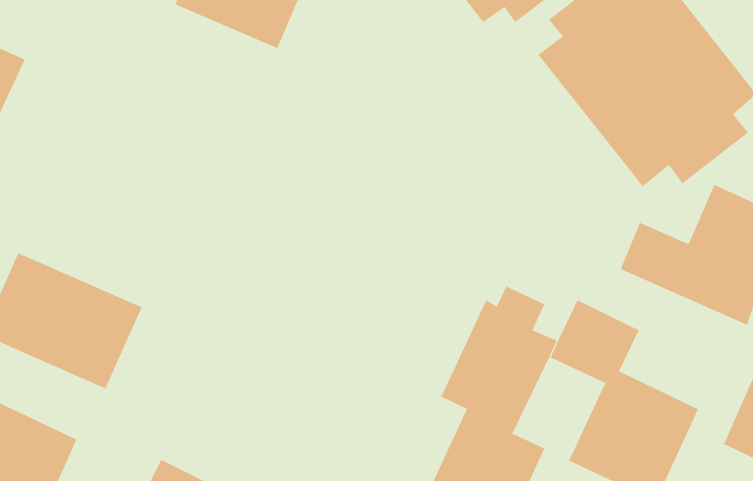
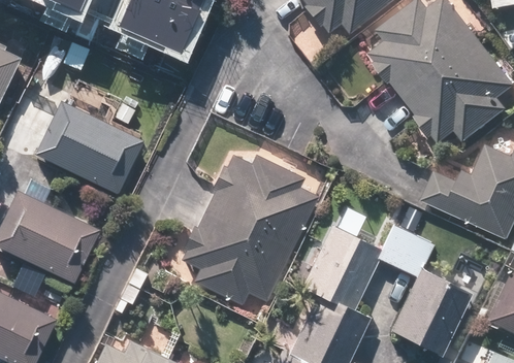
building: none -> [31,99,141,196]
building: none -> [181,153,318,305]

